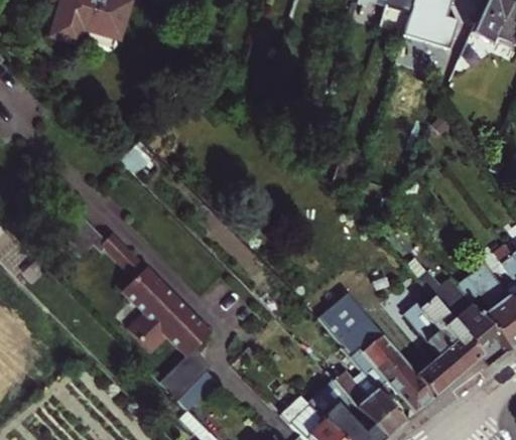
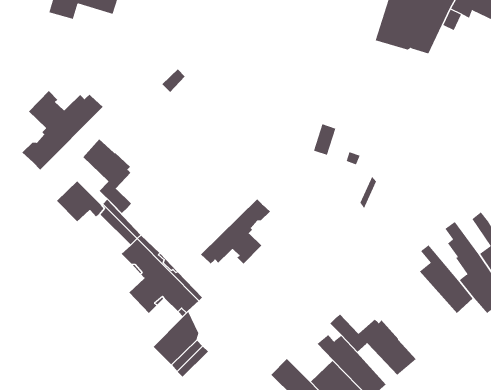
building: none -> [22,90,104,170]
building: none -> [82,138,132,214]
building: none -> [200,198,271,265]
building: [314,296,400,369] -> none
building: [402,297,483,396] -> none

